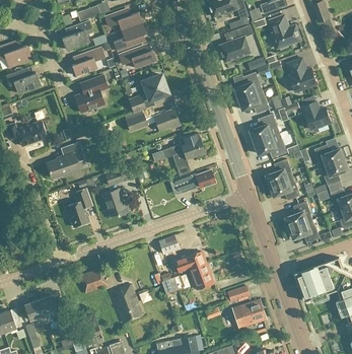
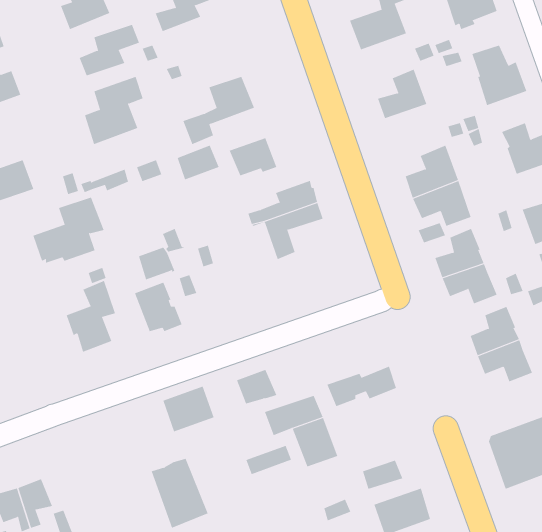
building: [118,46,155,68] -> none
building: [238,90,269,113] -> none
building: [177,169,215,192] -> [326,366,397,407]
building: [78,268,107,293] -> [163,386,214,432]

